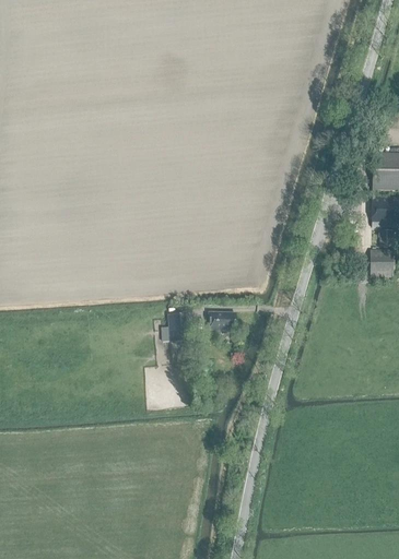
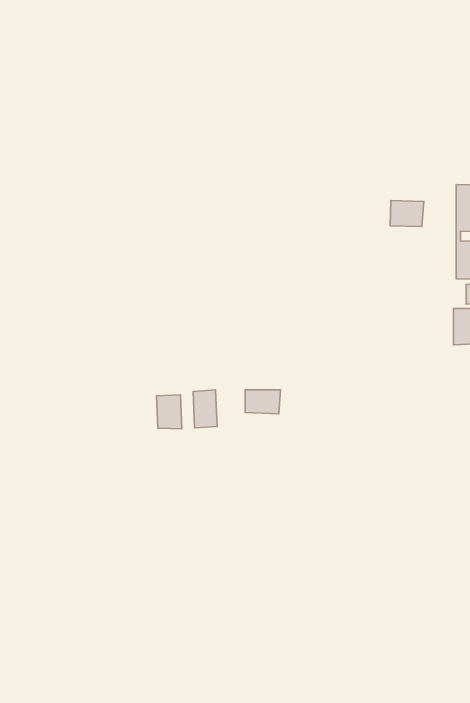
building: none -> [390,201,424,227]
building: none -> [156,395,182,429]

